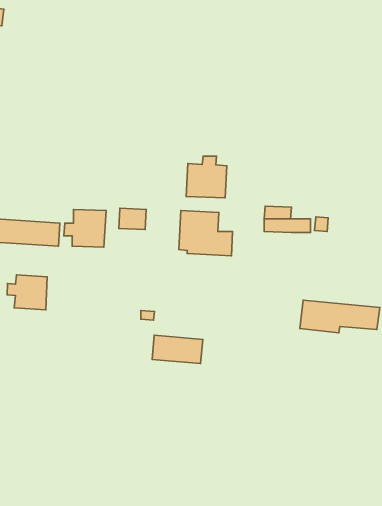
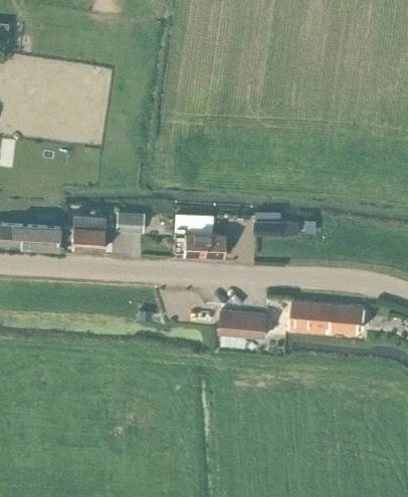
building: [186,156,227,198] -> none
building: [7,275,47,310] -> none
building: [152,335,203,364] -> [219,310,267,337]

